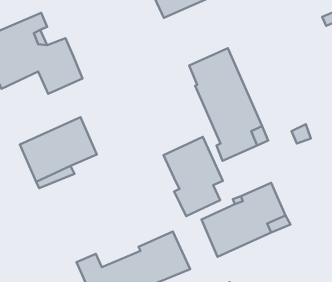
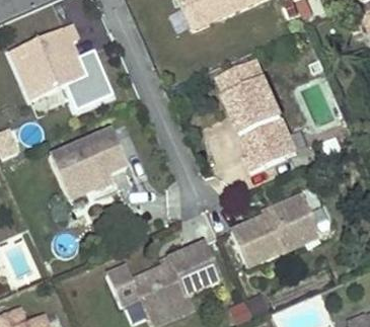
building: [164,137,223,216] -> none

